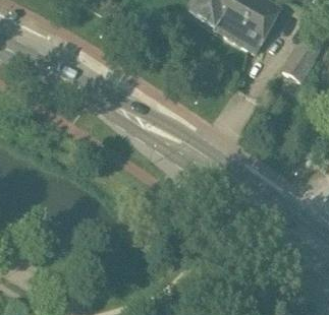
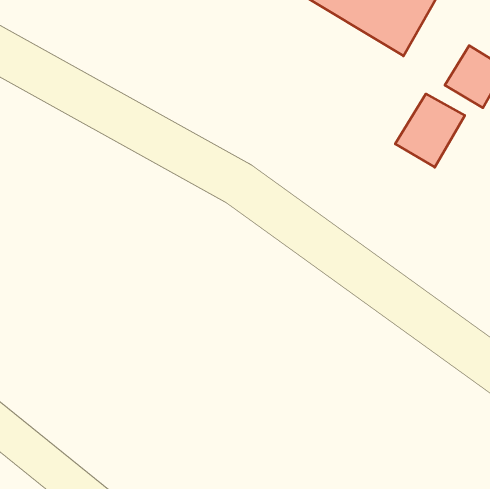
building: none -> [395,94,465,167]

